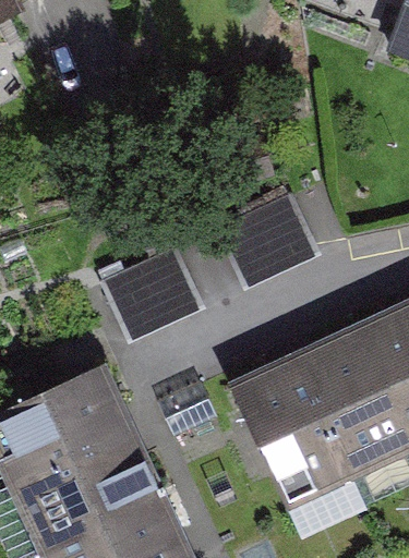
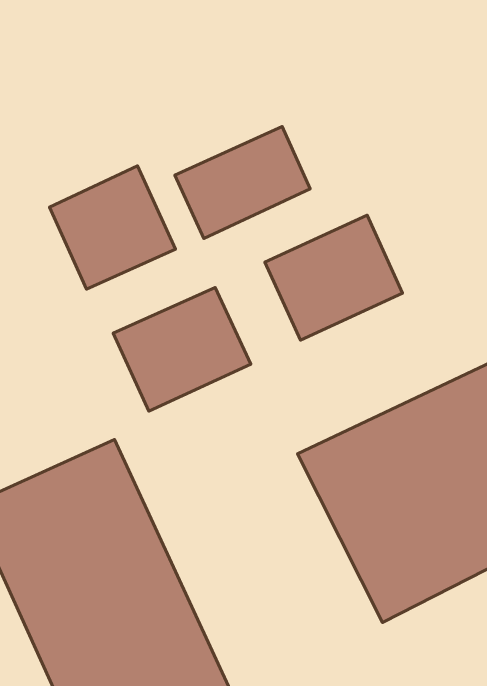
building: none -> [175,126,310,239]
building: none -> [50,166,175,289]

